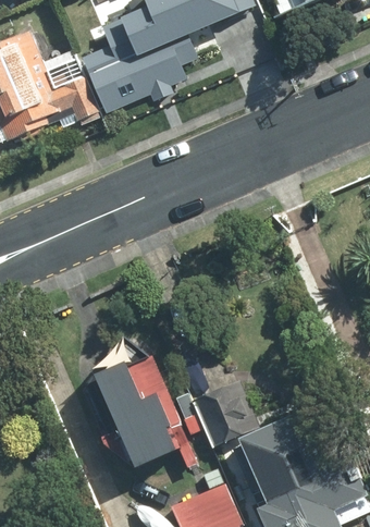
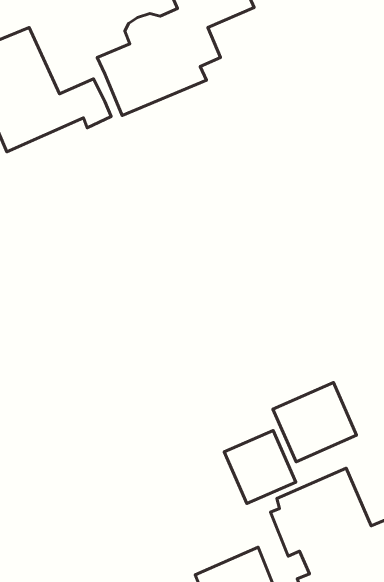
building: [86,339,187,470] -> none
building: none -> [273,383,357,462]

